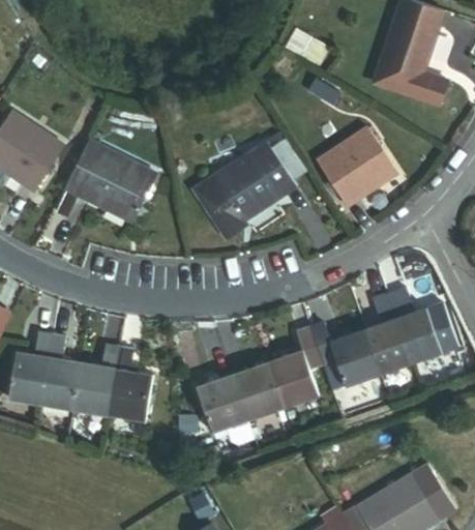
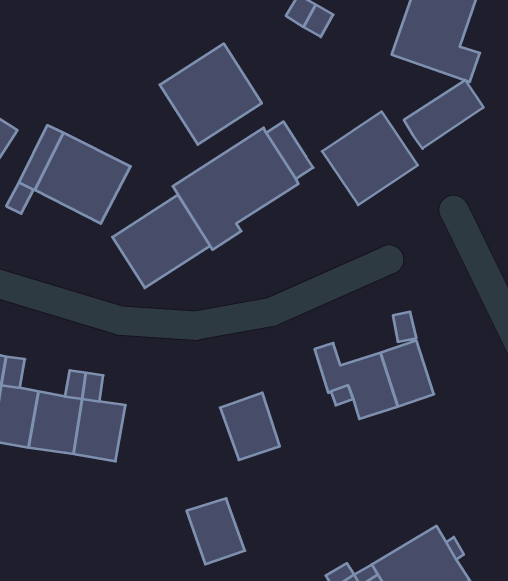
building: none -> [160,44,262,145]
building: none -> [404,80,483,149]
building: none -> [112,195,210,288]
building: [394,308,448,364] -> none
building: [266,327,321,408] -> none
building: [198,376,246,431] -> [187,498,245,564]

